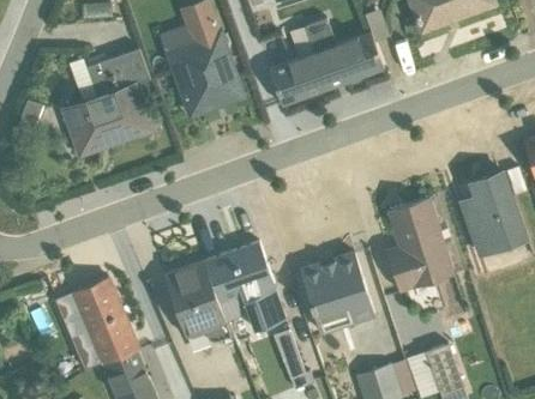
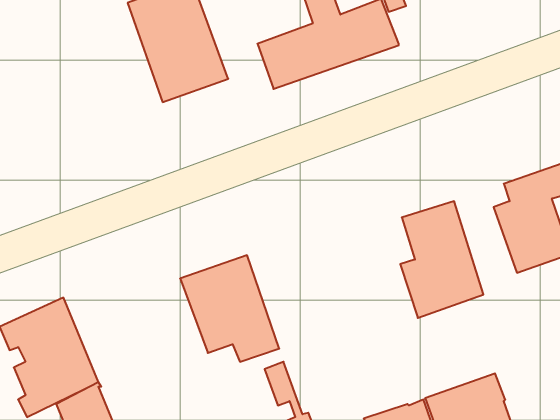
building: [64,49,152,156] -> none
building: [300,253,375,334] -> none
building: [164,261,232,341] -> none

